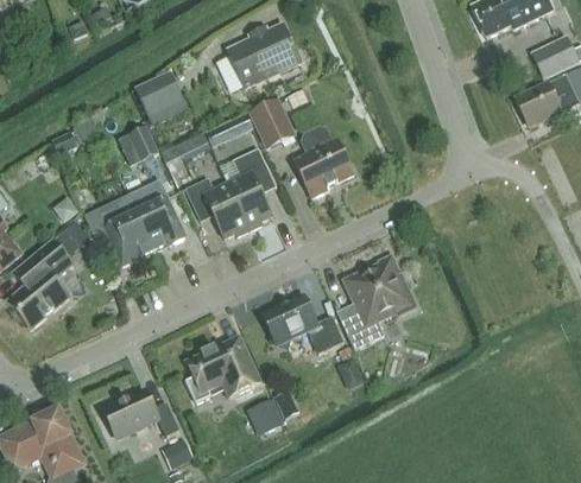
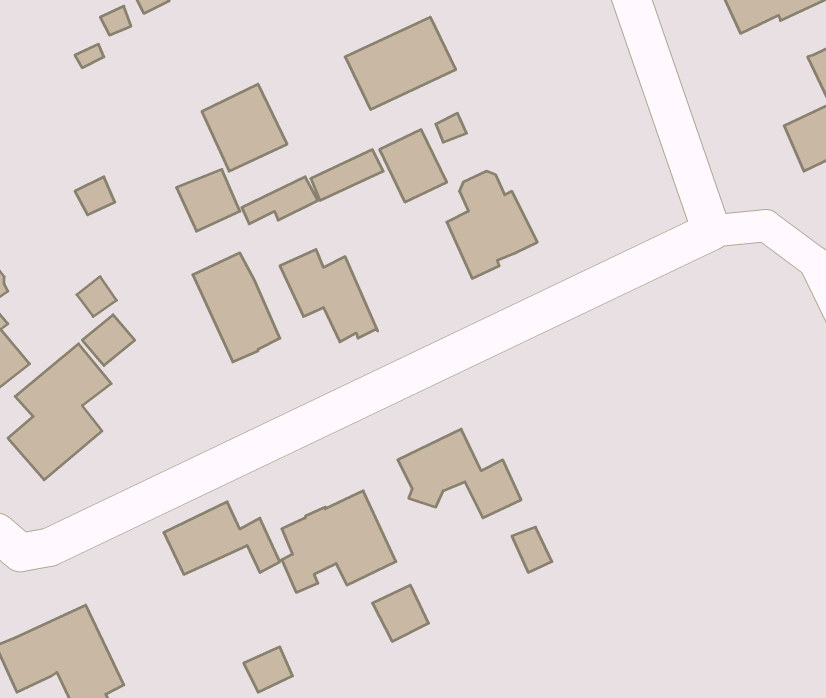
building: [228,148,277,231] -> none
building: [86,195,154,266] -> none
building: [331,255,416,349] -> none
building: [103,390,179,438] -> [164,502,280,574]

